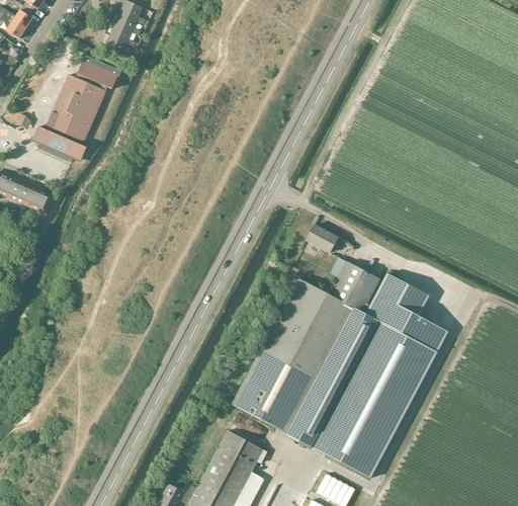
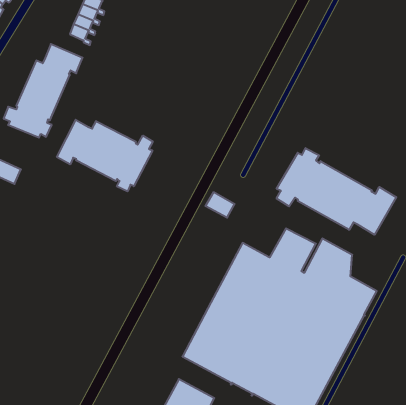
building: none -> [57,120,153,191]
building: none -> [277,148,396,235]
building: [306,224,338,252] -> [205,192,235,218]

